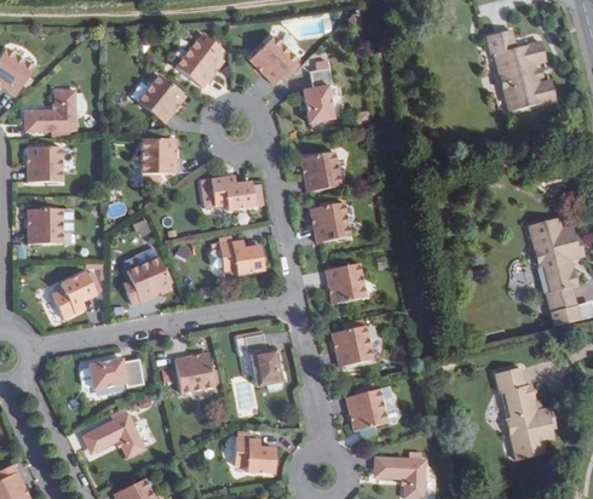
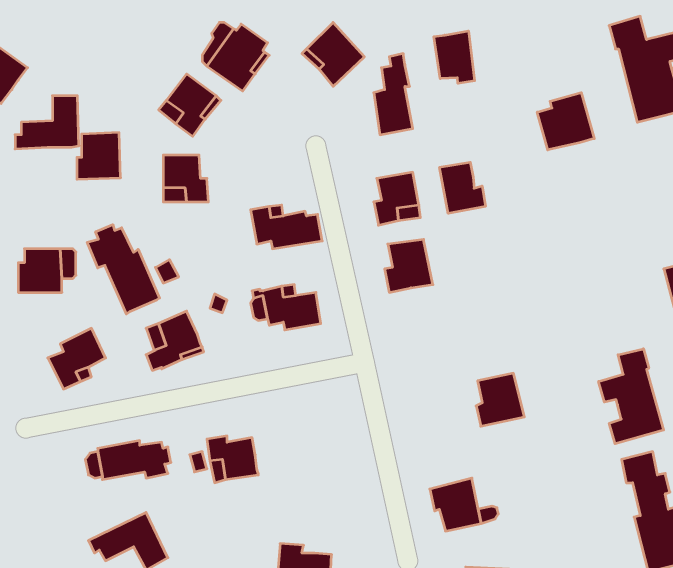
building: none -> [434,31,475,83]
building: none -> [537,93,594,150]
building: none -> [440,162,485,213]
building: [28,143,62,179] -> [77,133,121,179]
building: none -> [87,225,160,314]
building: [323,262,363,302] -> none
building: none -> [599,349,664,444]
building: [335,323,373,365] -> [476,373,524,426]
building: [243,334,282,386] -> none

